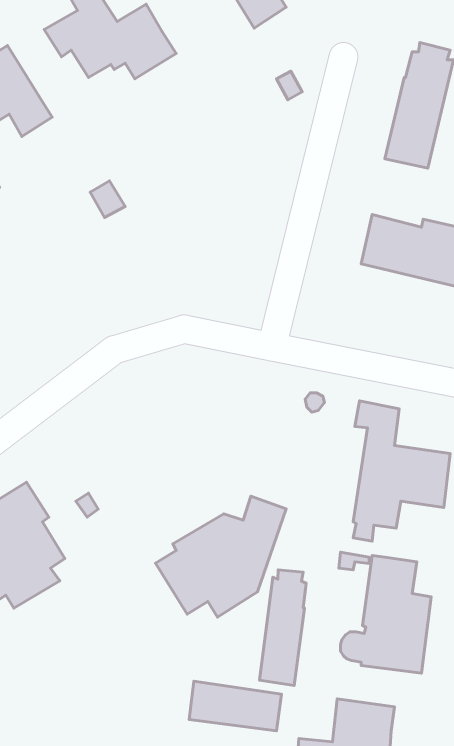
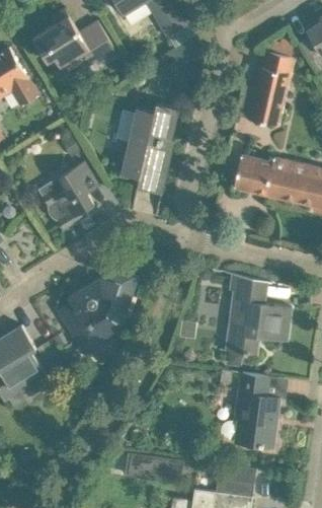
building: none -> [122,103,178,194]
building: none -> [37,160,99,231]
building: [155,496,286,617] -> [56,267,139,344]
building: [259,570,306,685] -> none

